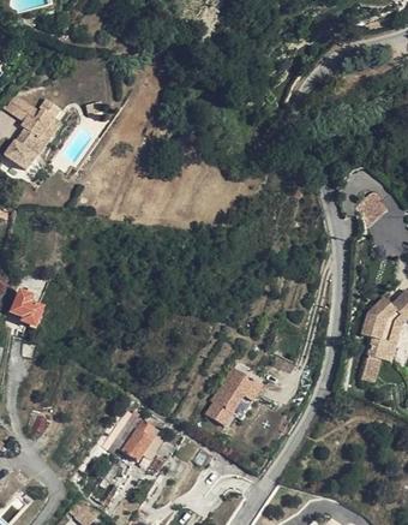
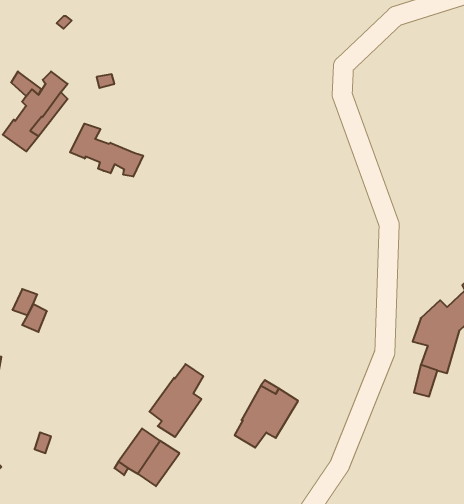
building: none -> [70,124,143,177]
building: none -> [149,364,203,437]

